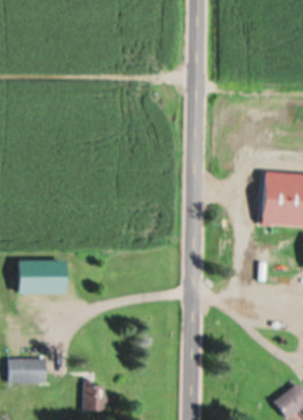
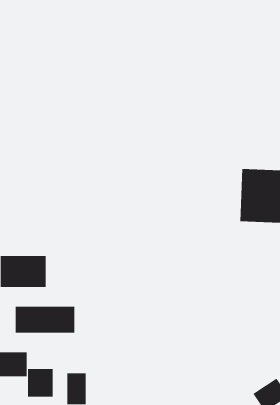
building: none -> [15,306,75,333]
building: none -> [28,368,53,397]

